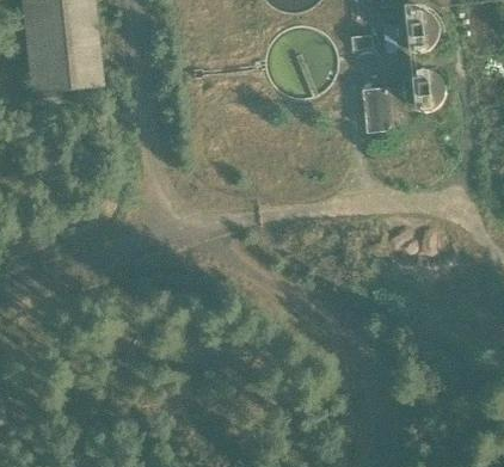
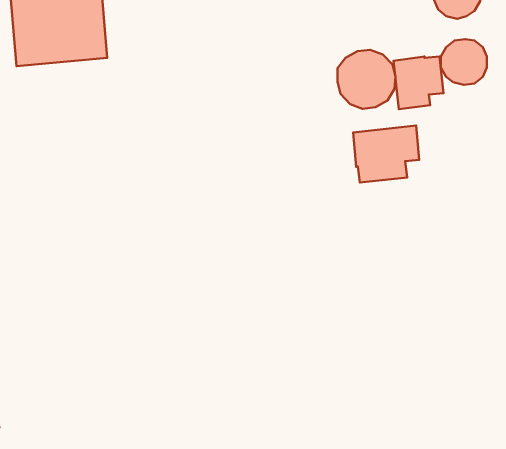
building: none -> [338,50,395,109]
building: none -> [353,125,419,183]

